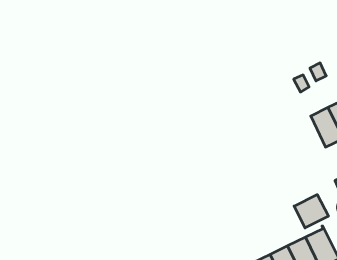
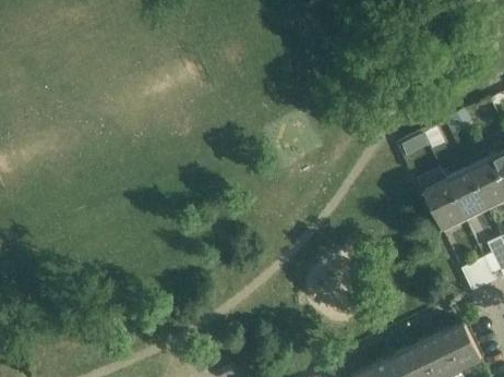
building: none -> [422,181,464,234]
building: [294,195,328,228] -> none

